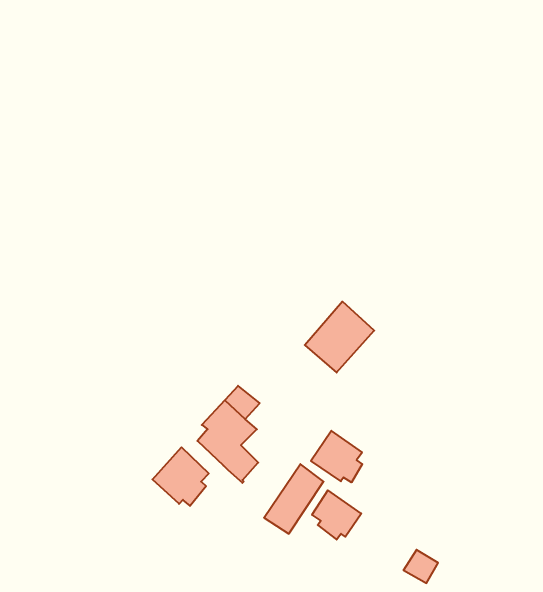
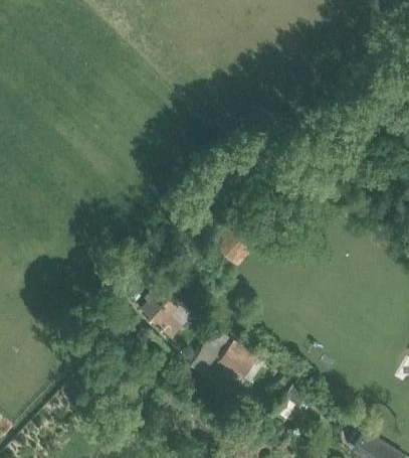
building: [311,431,362,482] -> none
building: [152,447,209,506] -> none

